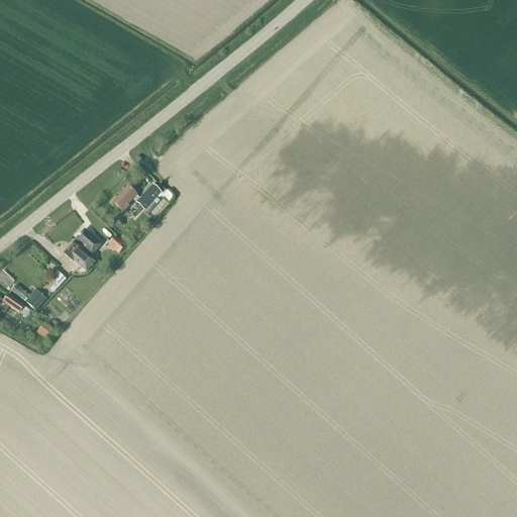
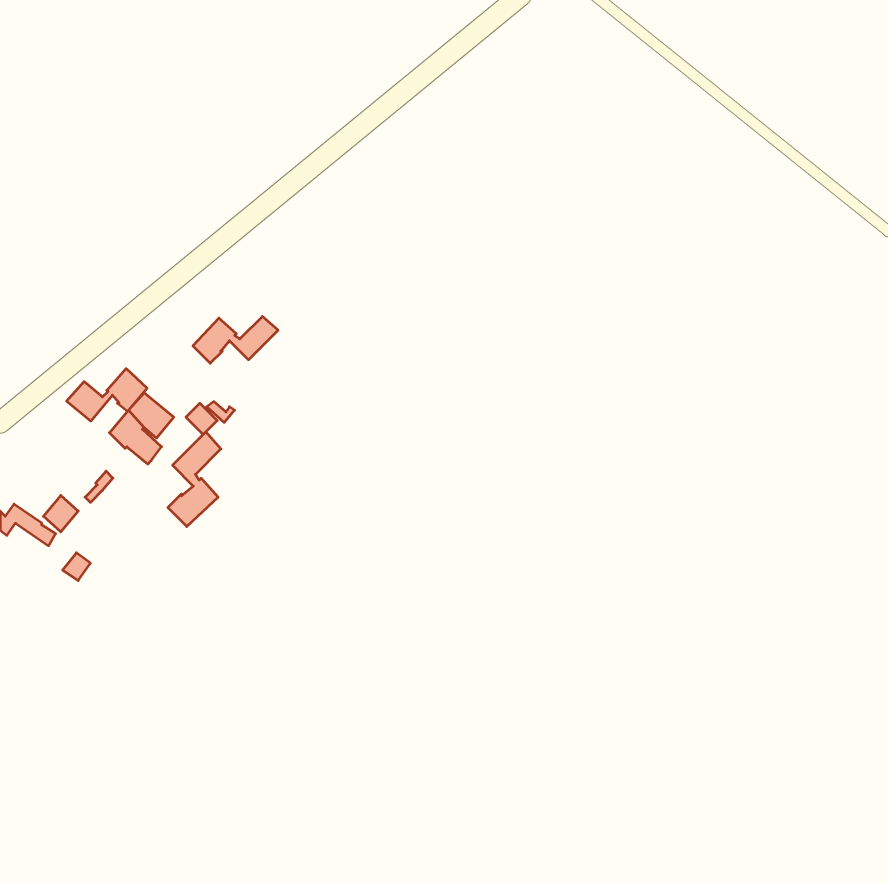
building: none -> [67,369,147,421]
building: none -> [168,432,221,527]

